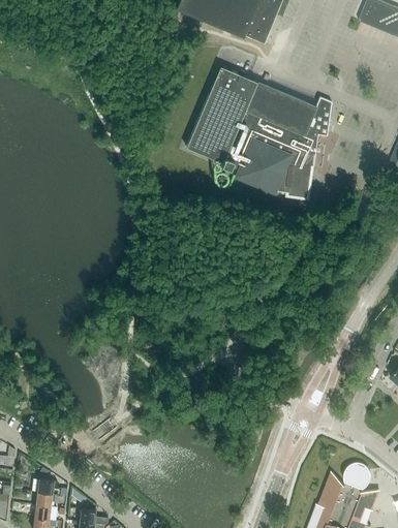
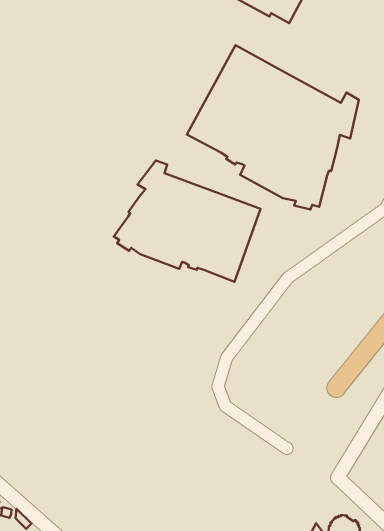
building: none -> [114,161,260,282]

